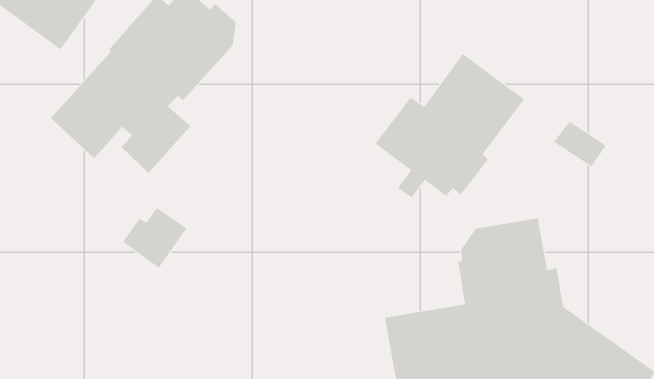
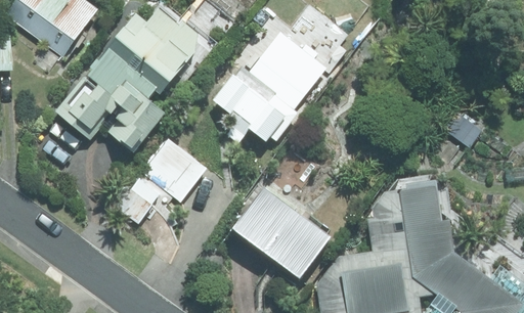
building: [375,53,525,198] -> [211,31,326,142]
building: none -> [142,138,208,200]
building: none -> [229,183,328,278]

